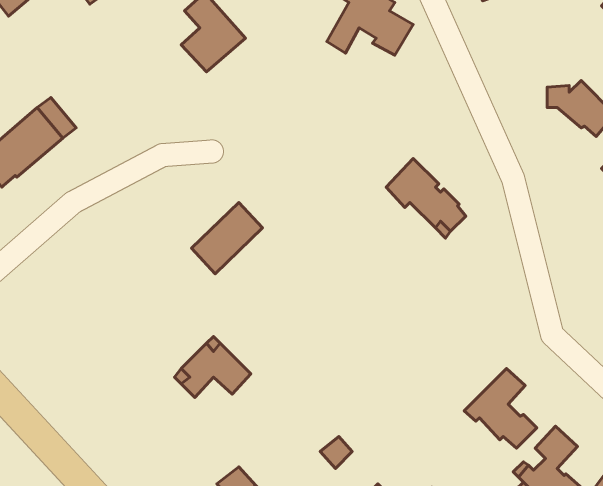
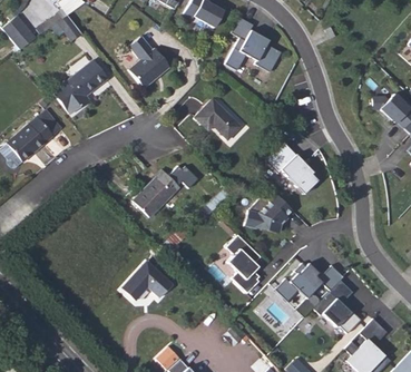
building: none -> [53,60,108,110]
building: none -> [192,97,239,137]
building: none -> [247,190,295,229]
building: none -> [221,237,256,295]
building: none -> [272,265,341,304]

